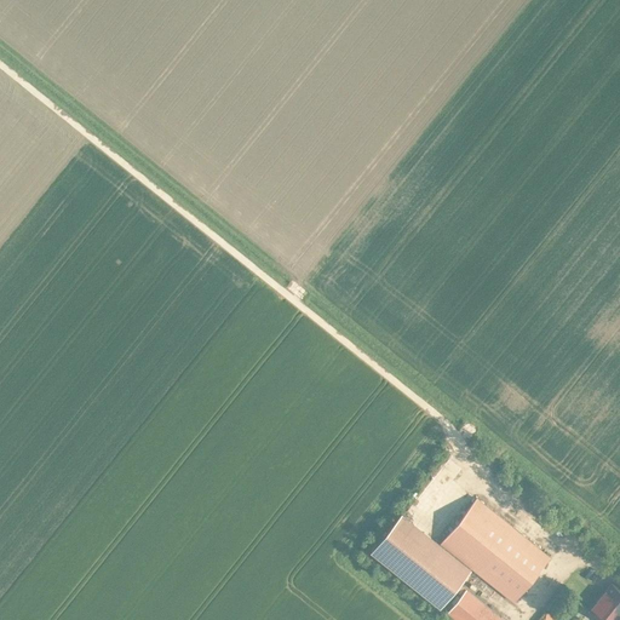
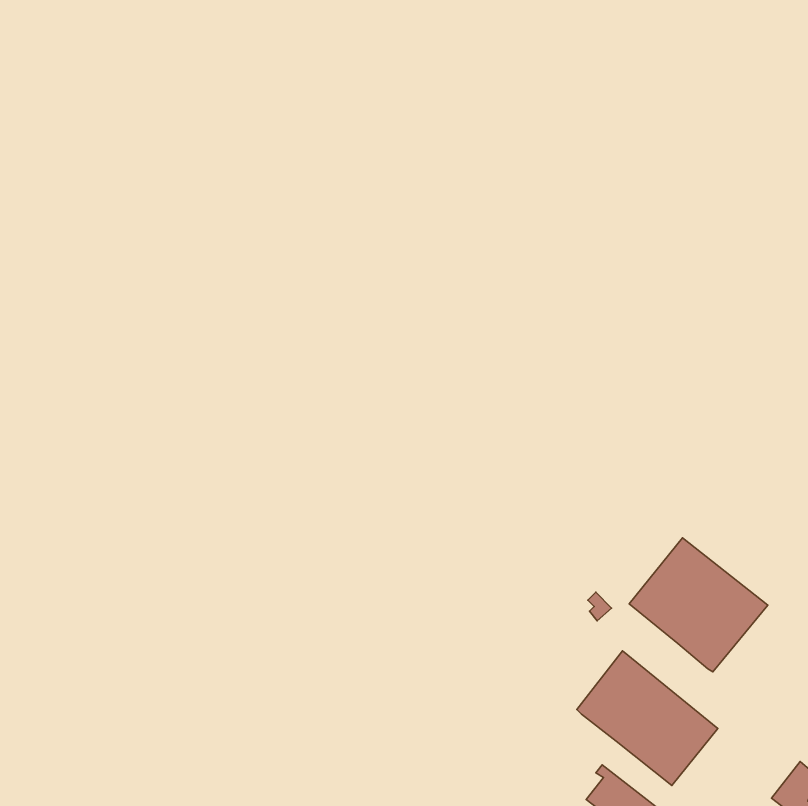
building: none -> [629,538,768,672]
building: [375,518,472,607] -> none

